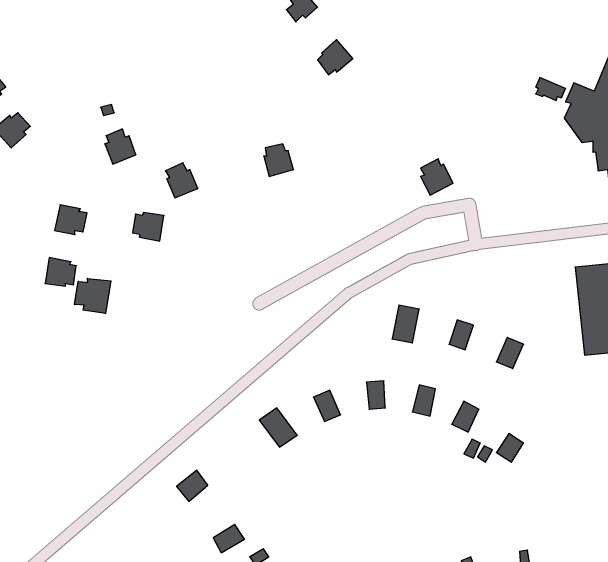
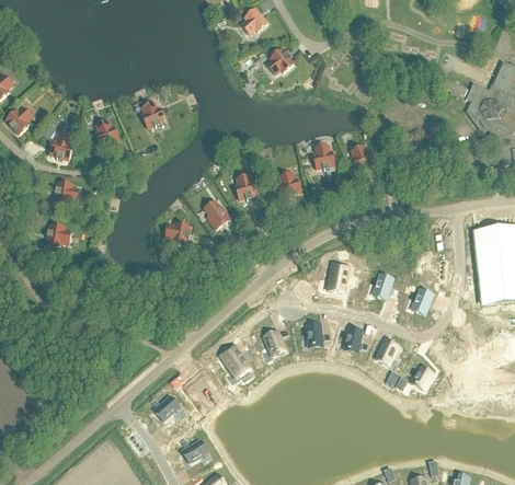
building: [264,144,294,176] -> [234,173,259,199]
building: none -> [49,132,73,160]
building: none -> [313,143,336,169]
building: [165,163,198,198] -> [140,100,167,128]
building: none -> [277,171,301,197]
building: [133,213,164,241] -> [165,221,191,244]
building: none -> [203,198,232,229]
building: [75,278,111,314] -> none

